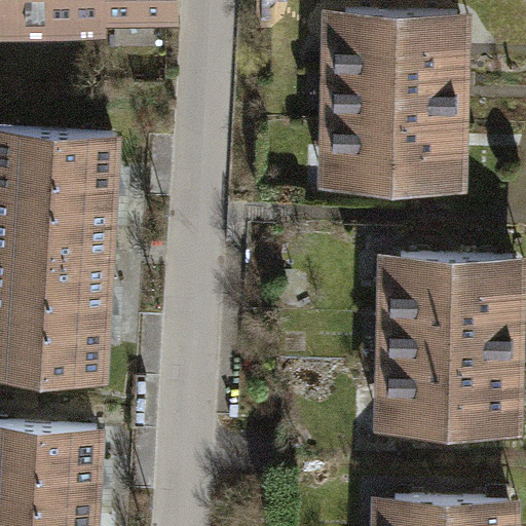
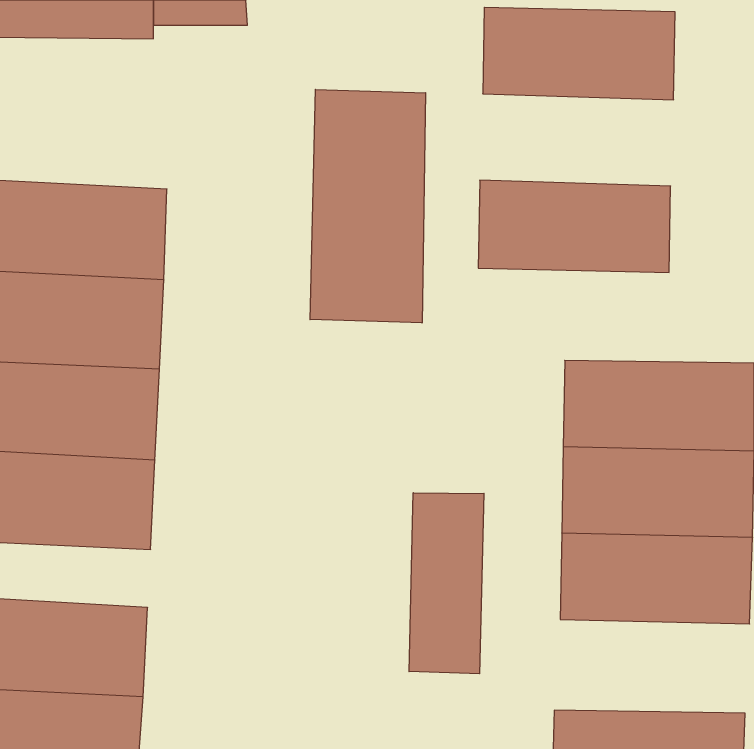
building: none -> [310,89,426,323]
building: [331,73,464,137] -> none
building: none -> [409,493,484,674]

